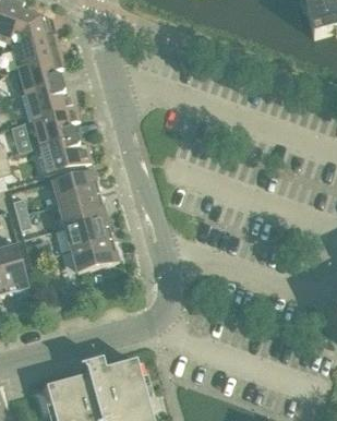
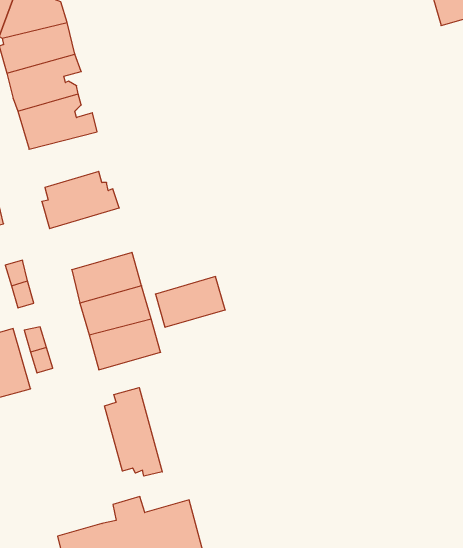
building: [23,106,79,146] -> none
building: [51,166,99,201] -> [155,277,225,327]
building: none -> [105,388,162,476]

